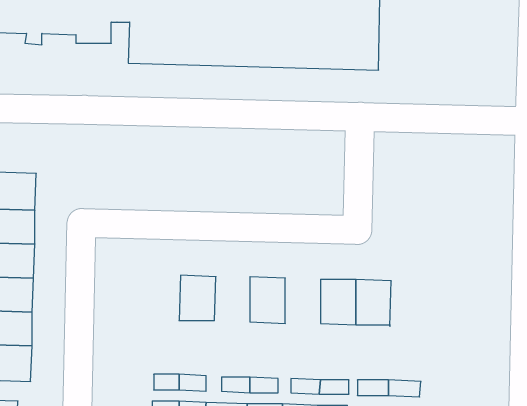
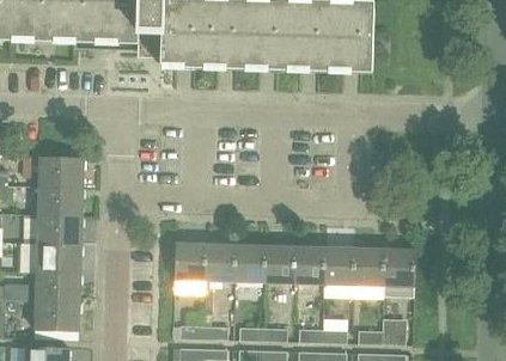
building: none -> [173,240,205,280]
building: none -> [233,243,263,281]
building: none -> [293,244,323,282]
building: none -> [382,246,413,295]

